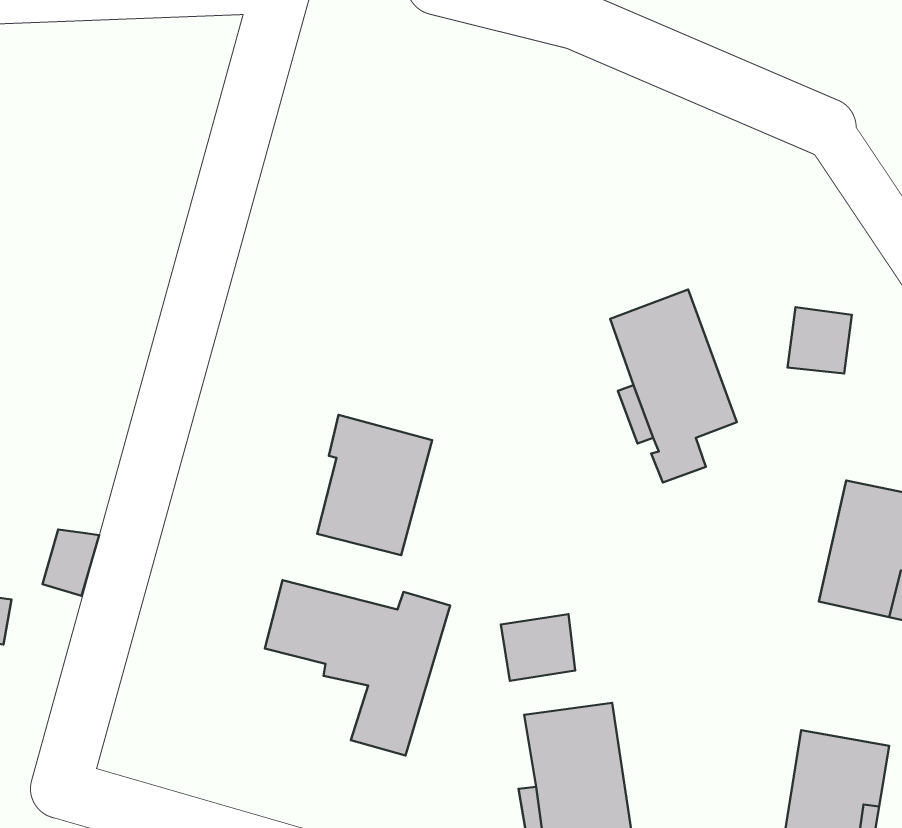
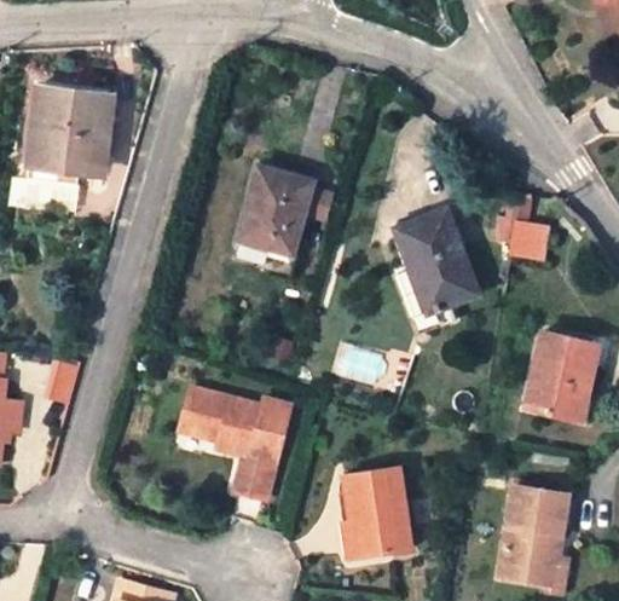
building: none -> [25,85,110,175]
building: [317,415,432,555] -> [241,169,312,256]
building: [501,614,575,681] -> none

